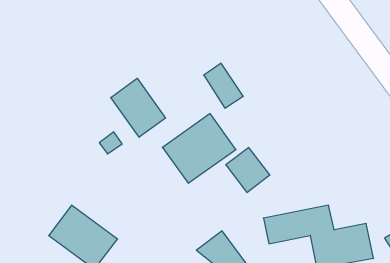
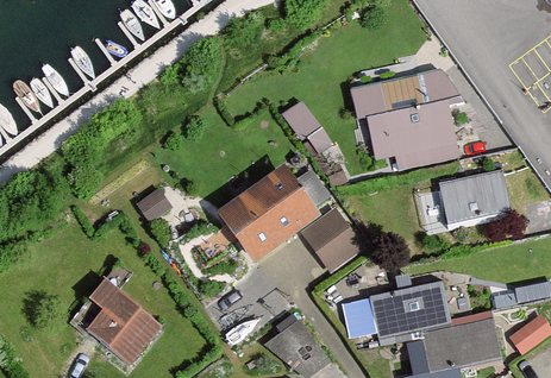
building: none -> [357,70,455,168]
building: [111,78,166,137] -> none
building: none -> [432,171,507,229]

